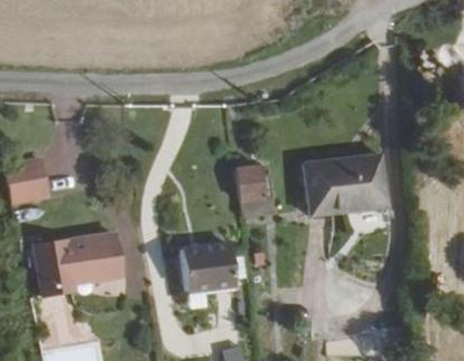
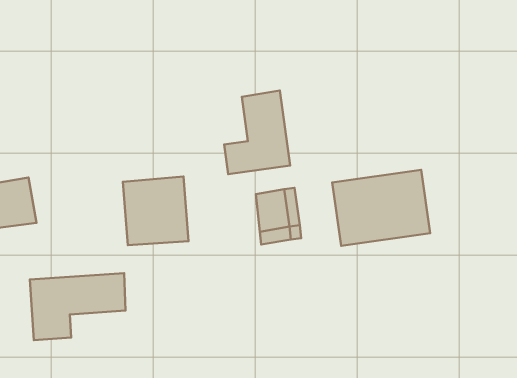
building: none -> [224,91,290,174]
building: [180,241,237,300] -> [123,177,189,245]

